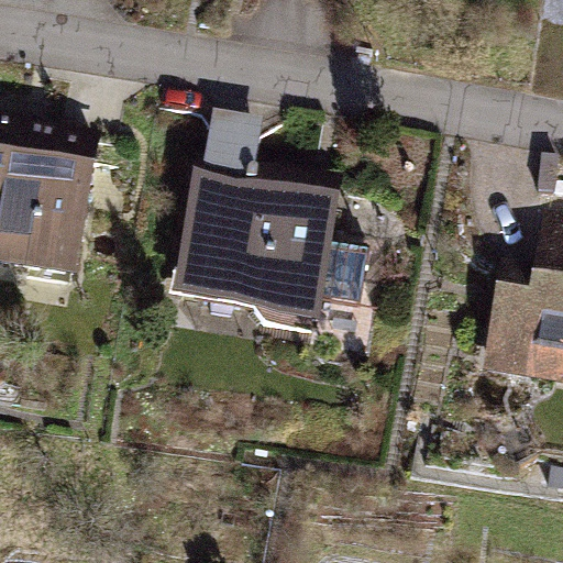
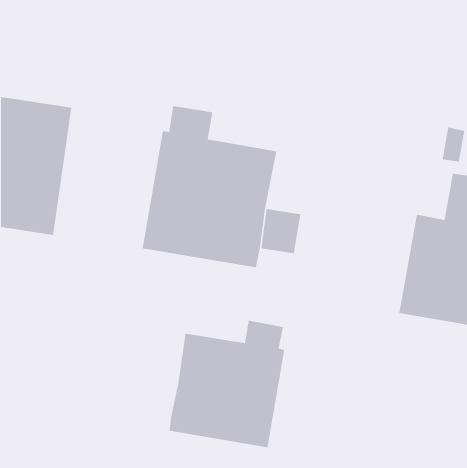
building: none -> [169,320,285,448]

